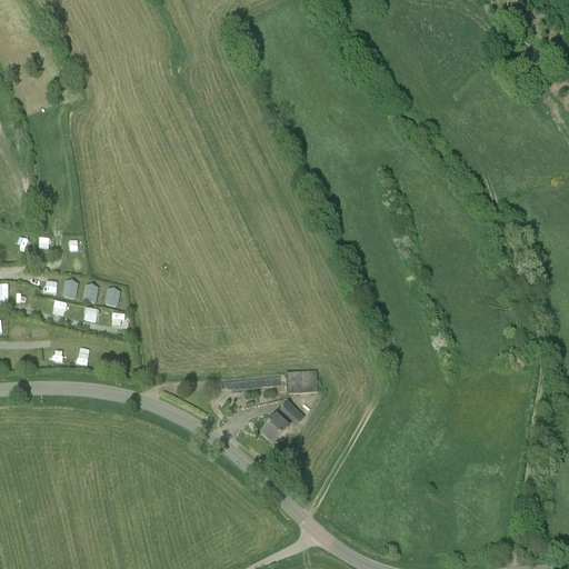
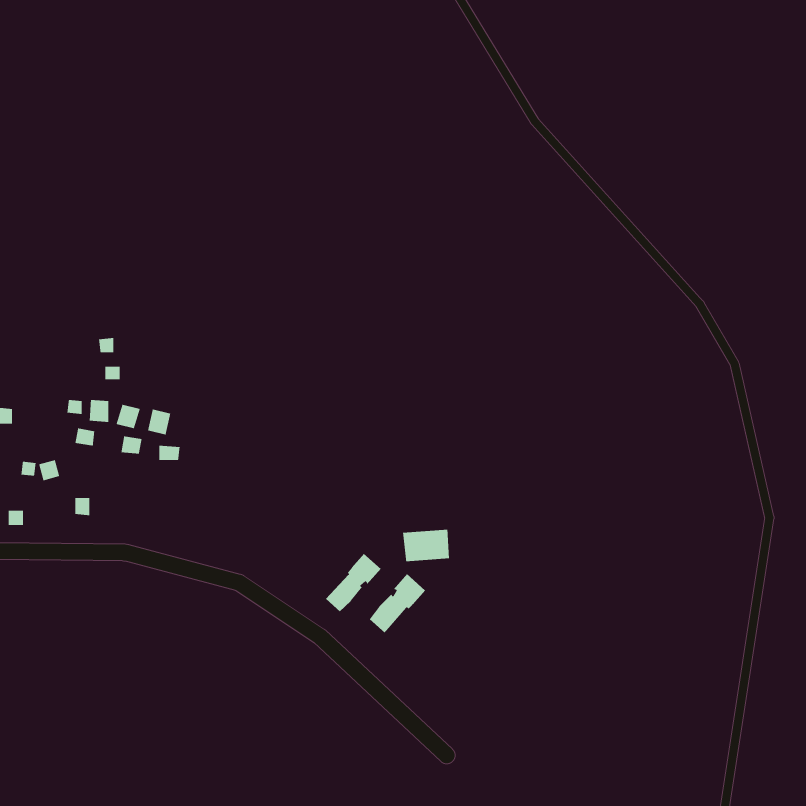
building: none -> [325,553,382,612]

